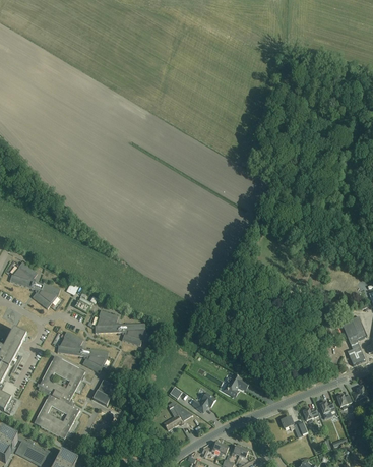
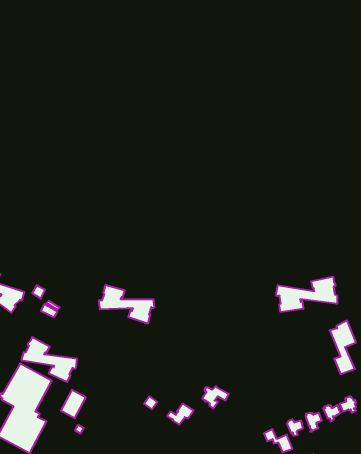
building: none -> [276,277,337,312]
building: [94,309,145,345] -> [99,285,155,323]
building: [163,401,192,428] -> none

